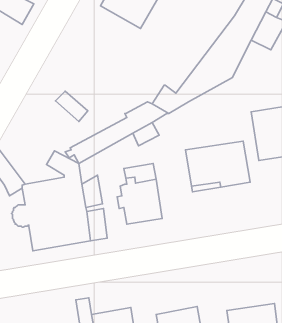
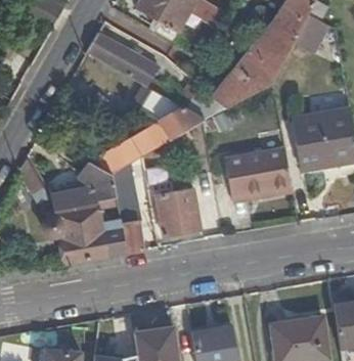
building: none -> [88,33,160,87]

